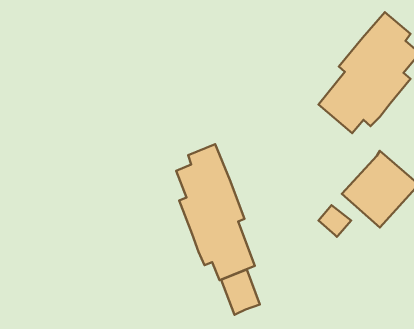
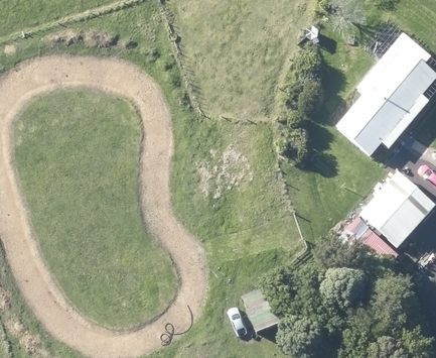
building: [176,144,255,280] -> none

